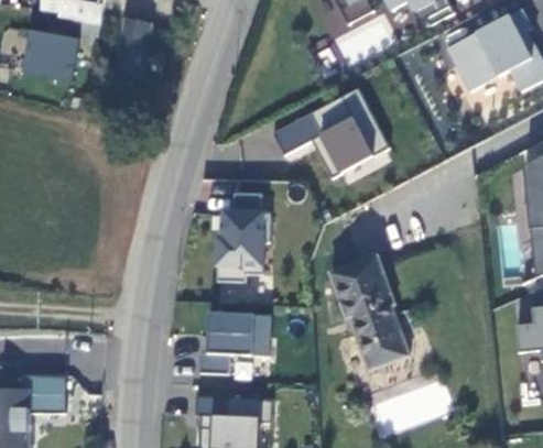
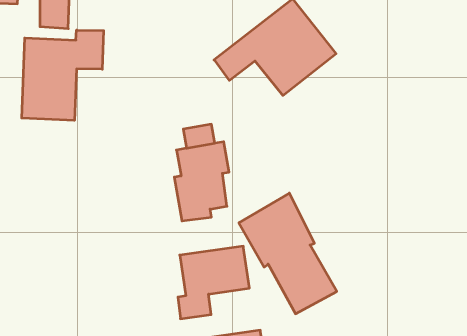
building: none -> [22,30,104,120]
building: [328,250,410,365] -> [239,193,337,314]

